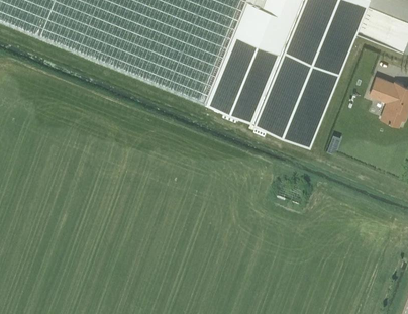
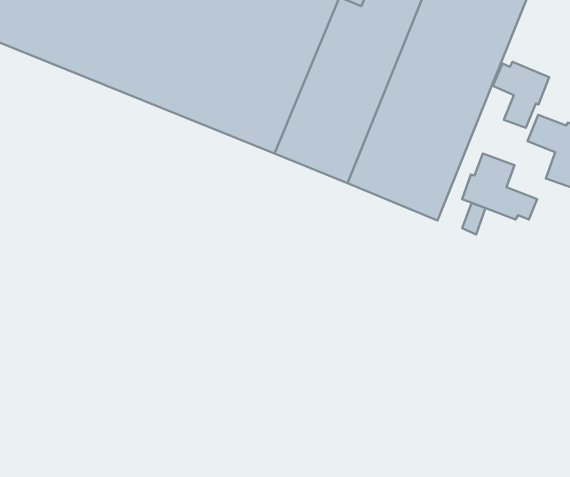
building: none -> [493,62,549,128]
building: none -> [462,154,537,219]

